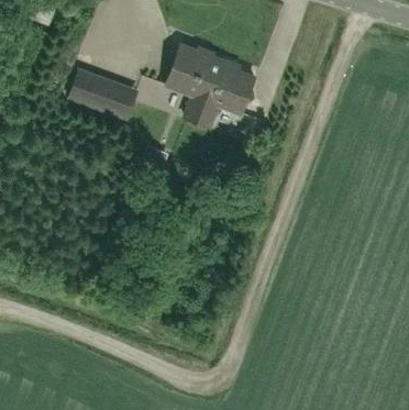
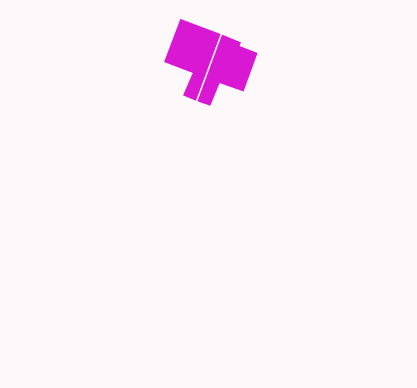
building: [68,70,135,119] -> none

